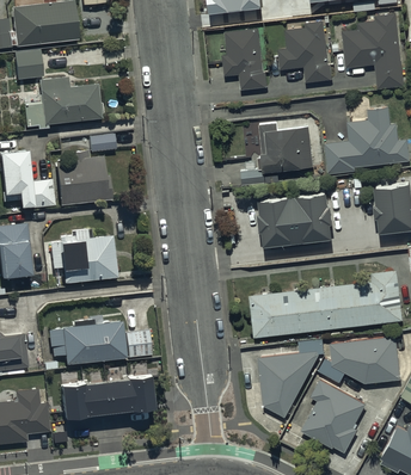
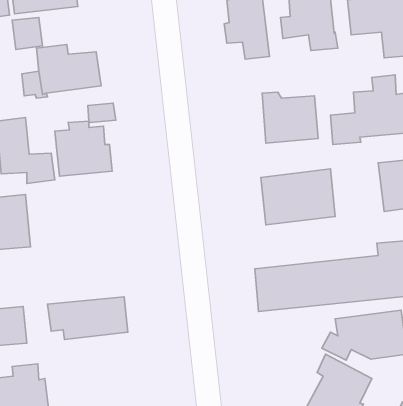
building: [47,227,117,282] -> none
building: [257,338,325,417] -> none
building: [61,378,155,424] -> none

